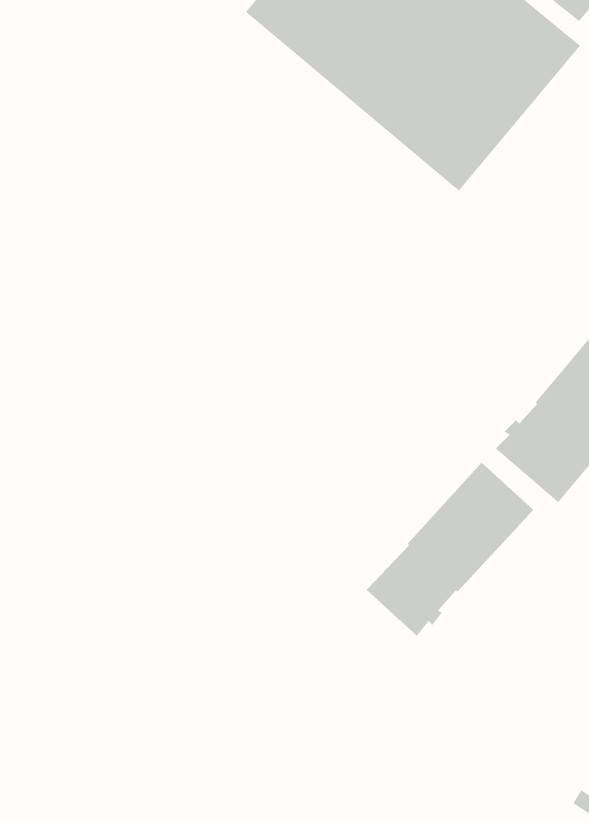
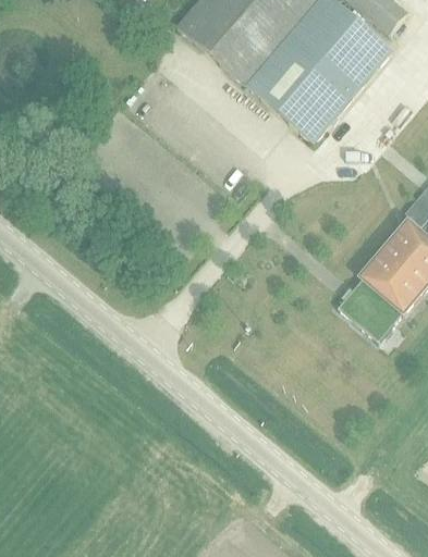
building: [366,462,534,637] -> none

